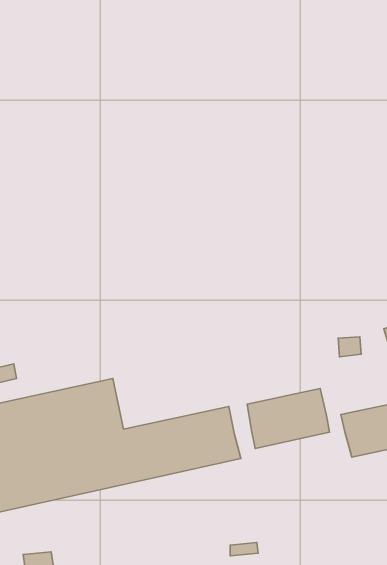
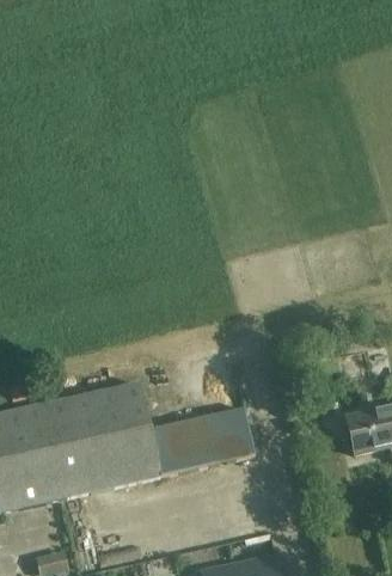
building: [247,388,329,448] -> none

